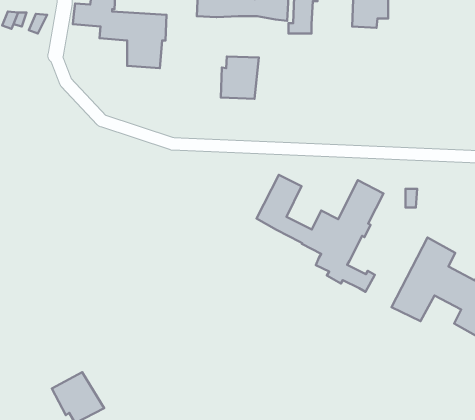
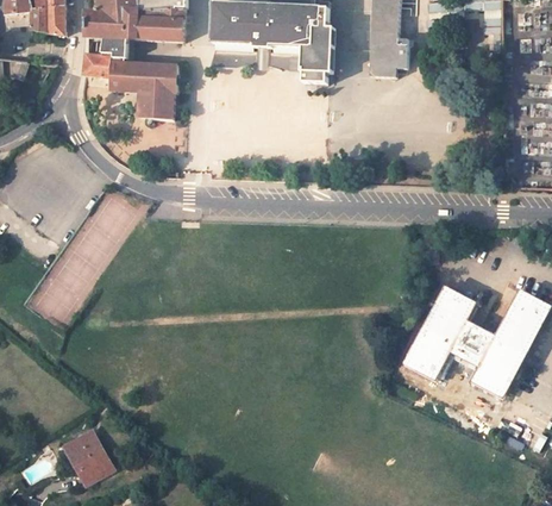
building: [221,56,259,99] -> none
building: [257,175,384,292] -> none

